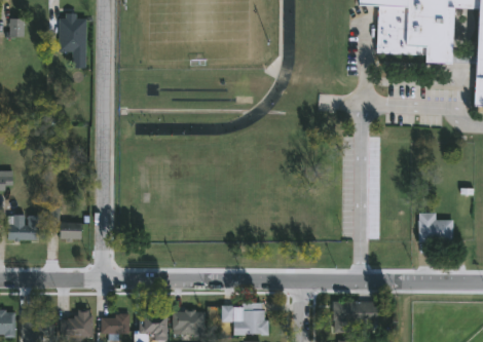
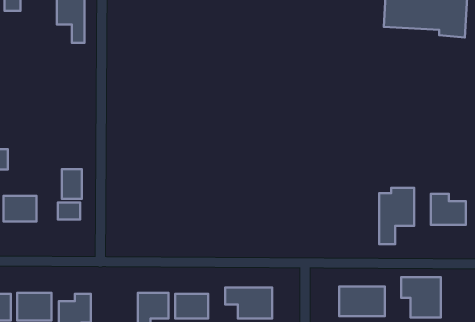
building: none -> [62,169,82,199]
building: none -> [379,188,414,244]
building: none -> [401,277,441,317]
building: [102,315,129,333] -> none

